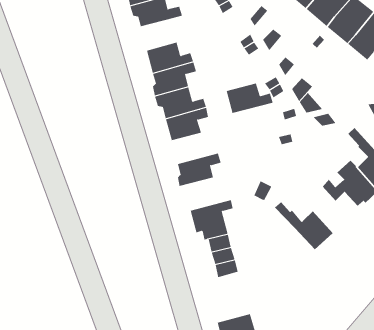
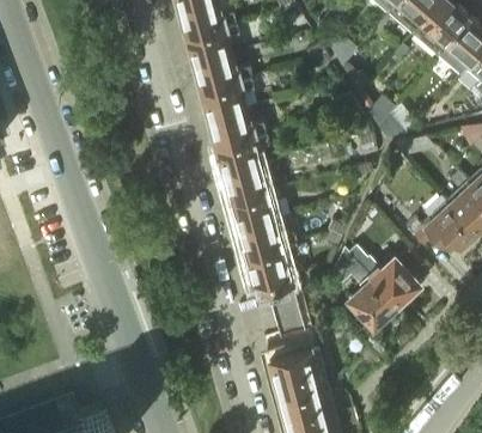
building: none -> [190,25,244,67]
building: [226,83,273,114] -> [227,166,285,203]
building: none -> [237,220,300,260]
building: none -> [336,250,401,329]
building: none -> [270,342,323,395]

